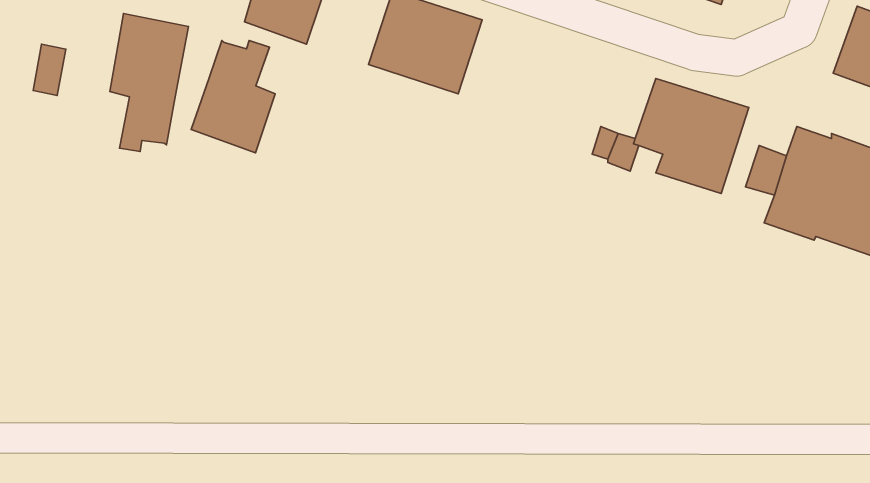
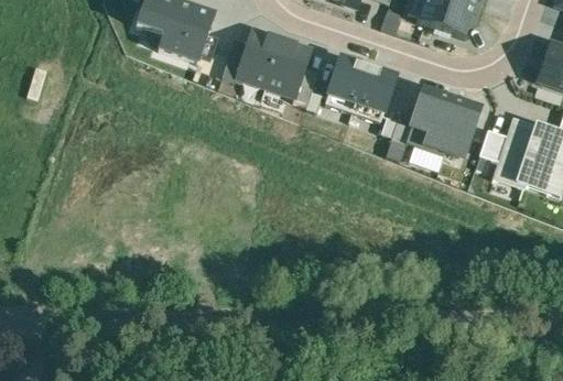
building: [110,13,188,152] -> none
building: none -> [325,58,396,121]
building: [191,40,275,153] -> none

